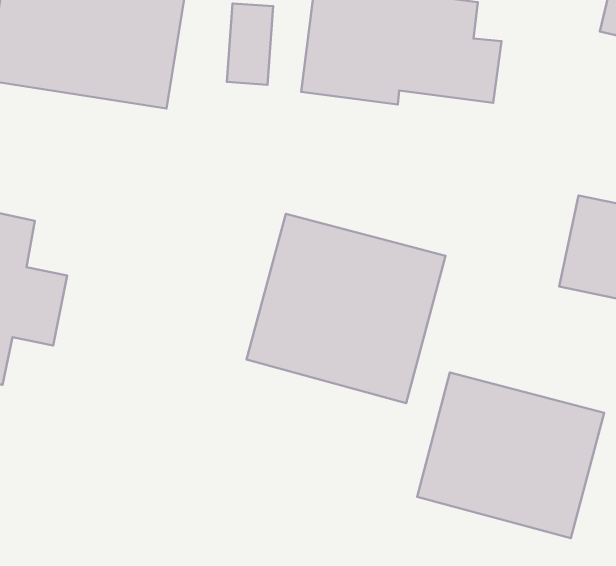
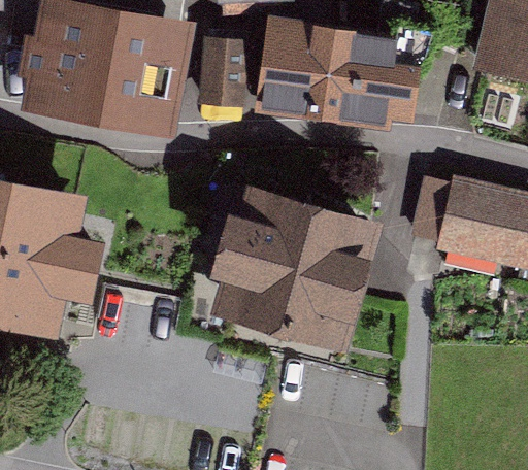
building: [417,372,604,538] -> none

